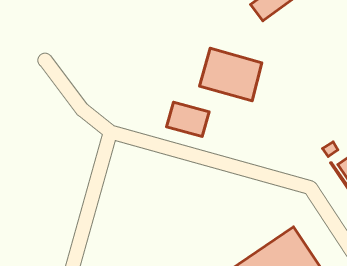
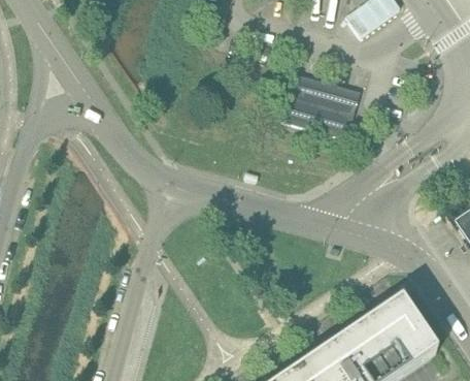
building: [167,102,209,137] -> none

